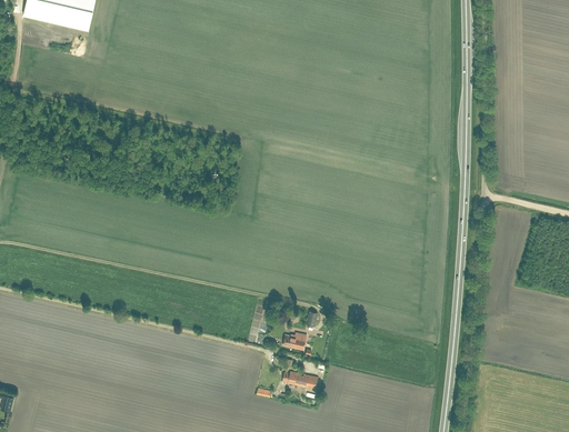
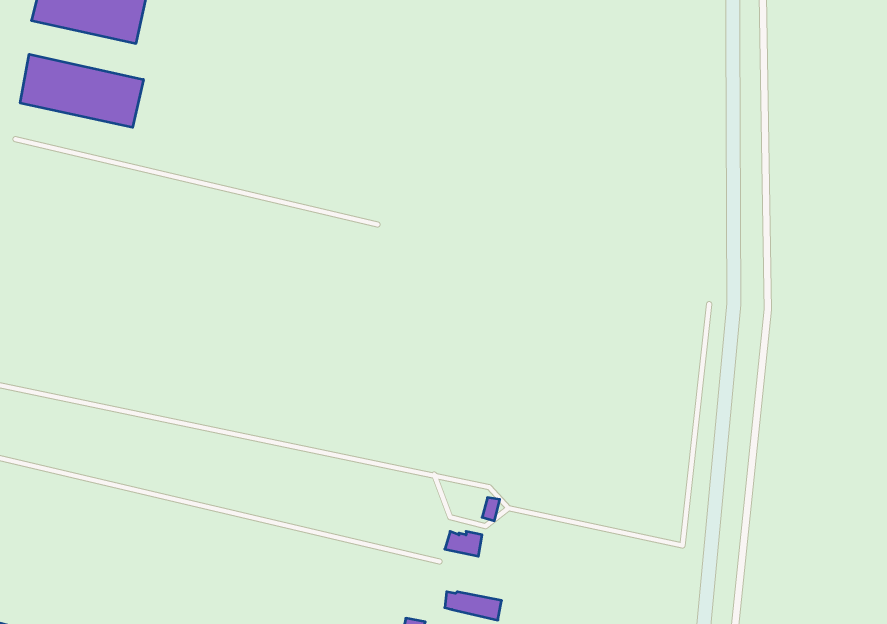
building: none -> [20,54,143,127]

